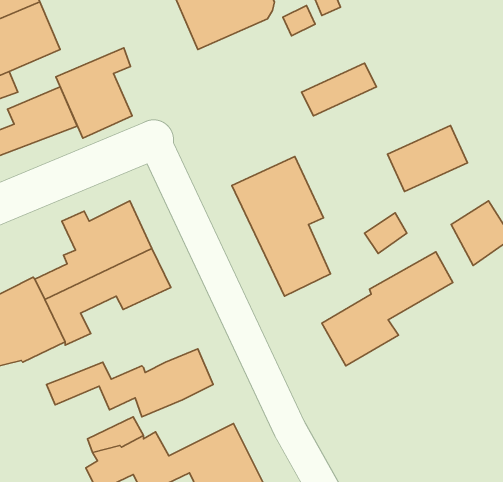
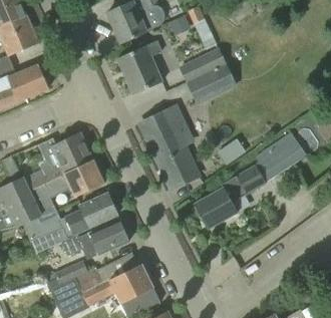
building: [56,48,132,138] -> [116,41,161,94]
building: [388,125,467,192] -> [188,65,235,104]
building: none -> [38,194,116,238]

